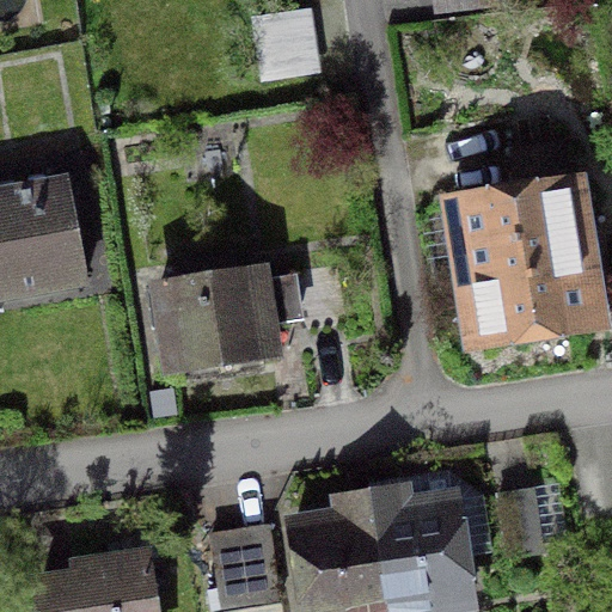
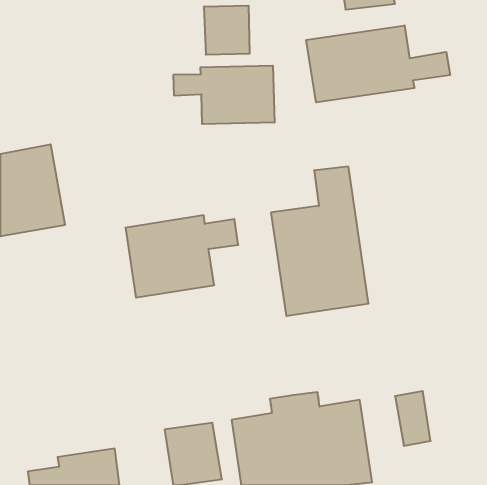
building: none -> [306,25,450,102]
building: none -> [174,66,274,124]
building: [463,149,585,336] -> [271,167,369,316]

